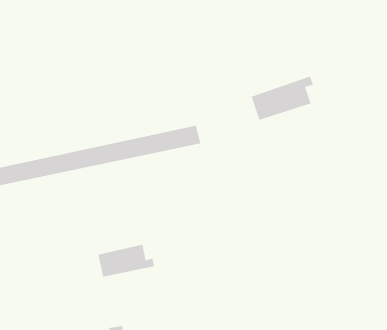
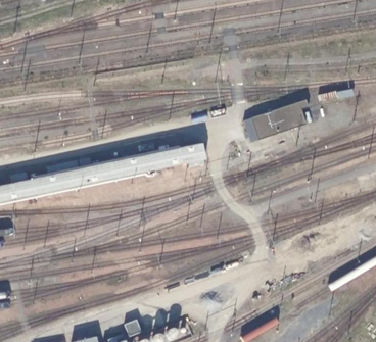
building: [98,244,154,277] -> none

